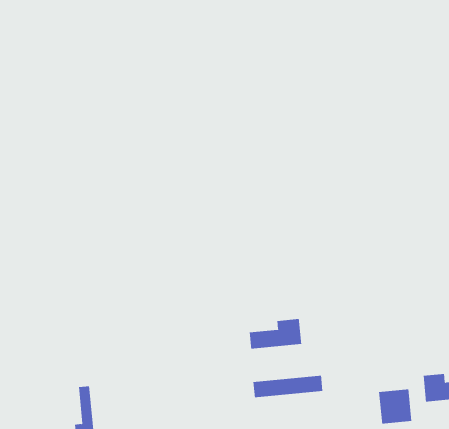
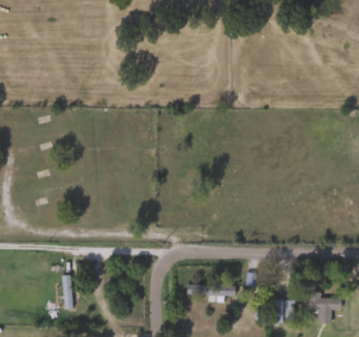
building: [249,318,302,349] -> none

